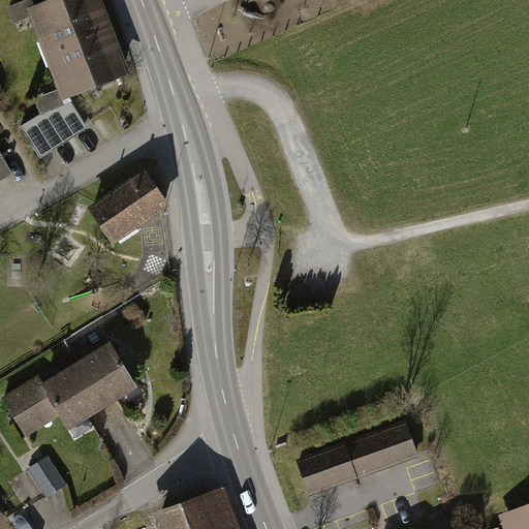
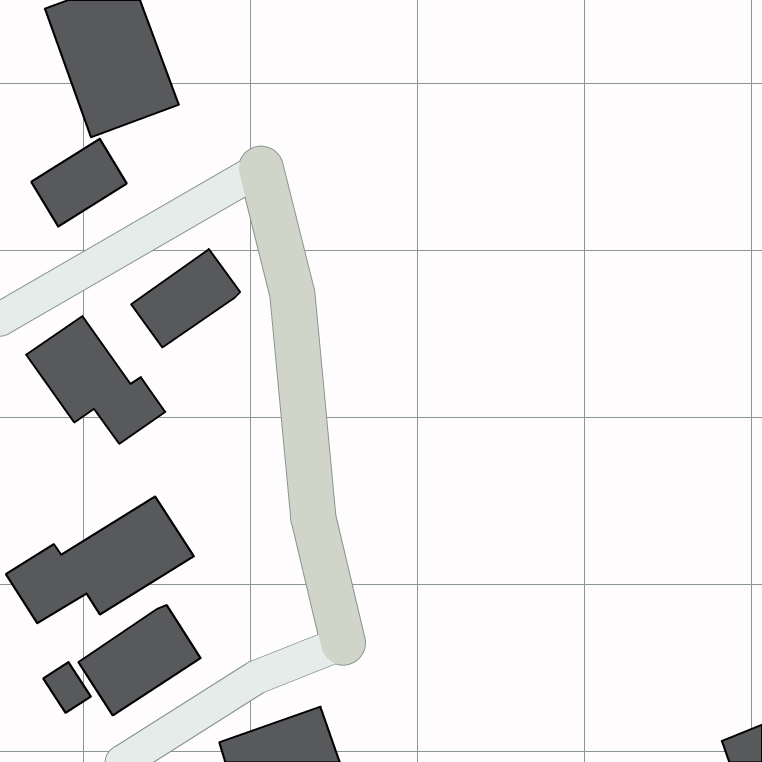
building: none -> [26,316,165,444]
building: none -> [79,605,201,715]
building: [304,425,413,490] -> none

